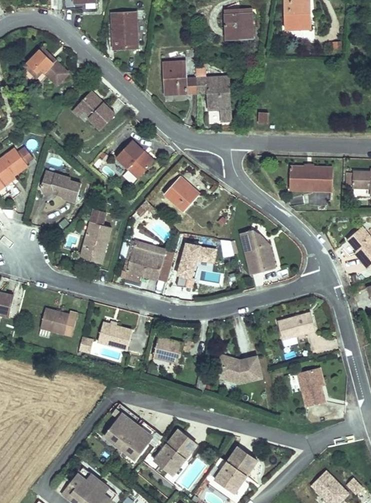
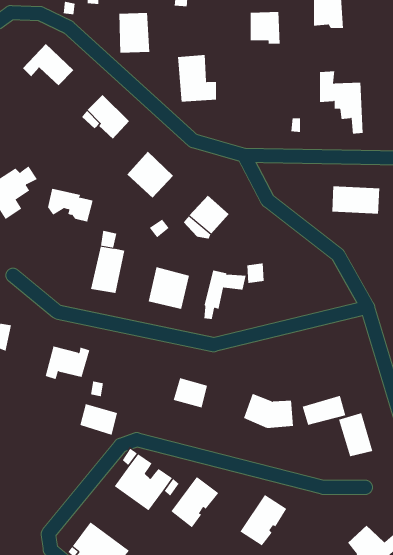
building: [192,64,231,120] -> [319,71,363,134]
building: [242,225,280,270] -> none
building: [278,310,317,337] -> [302,395,346,426]
building: [98,322,132,350] -> [79,404,118,435]

